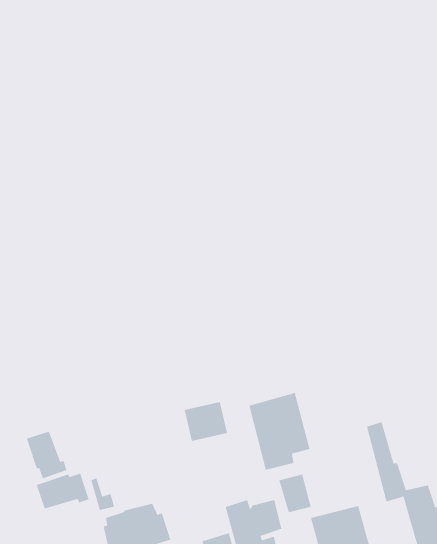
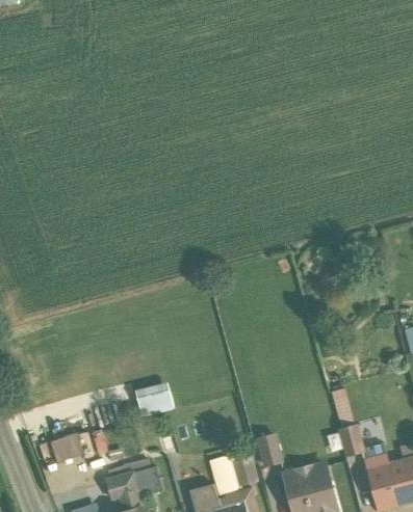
building: [249,392,310,470] -> none
building: [184,401,228,442] -> [135,382,173,416]
building: [26,431,67,479] -> none

